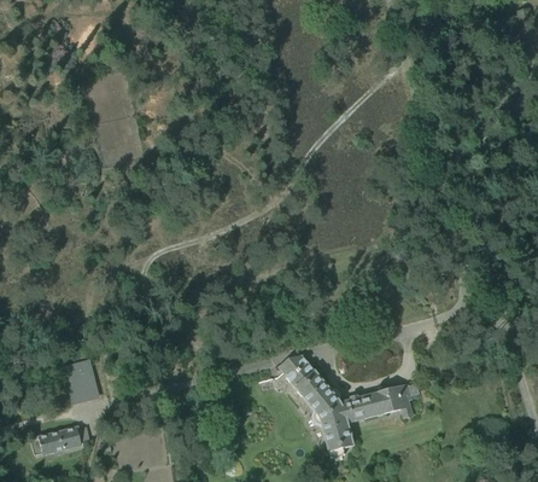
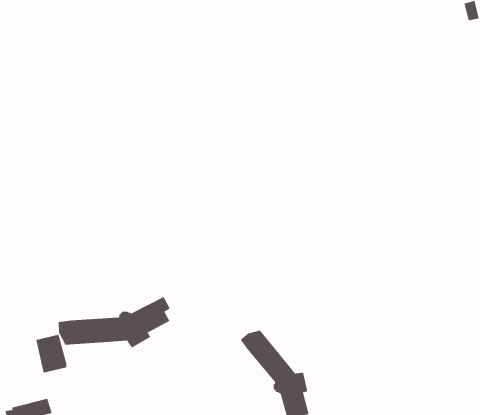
building: none -> [58,296,171,348]
building: [346,383,419,420] -> none

